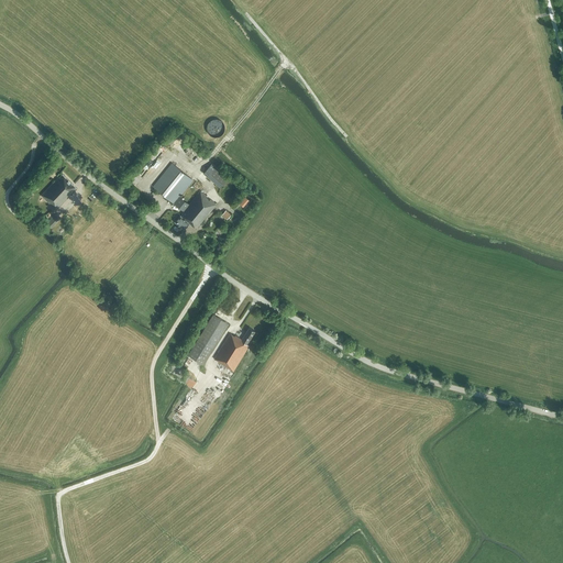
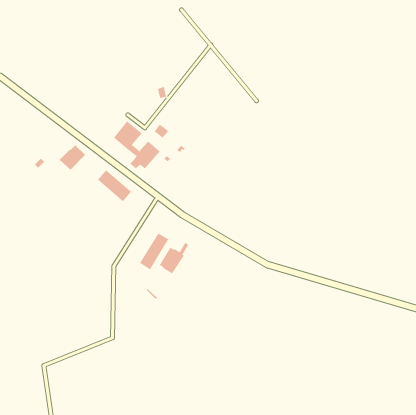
building: [41,175,77,210] -> [59,144,86,170]
building: none -> [97,170,132,202]

